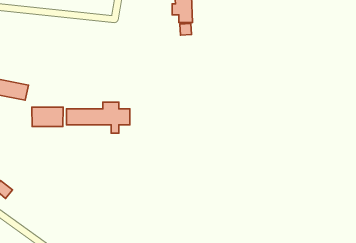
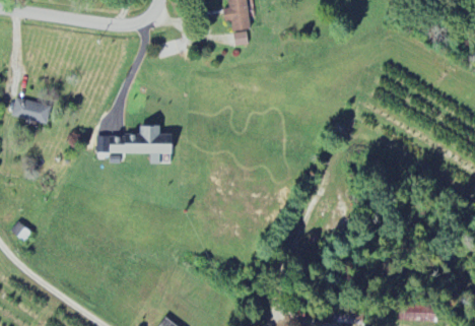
building: [32,107,63,127] -> none

